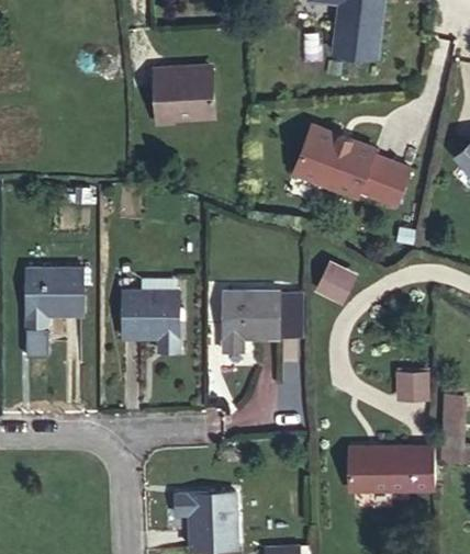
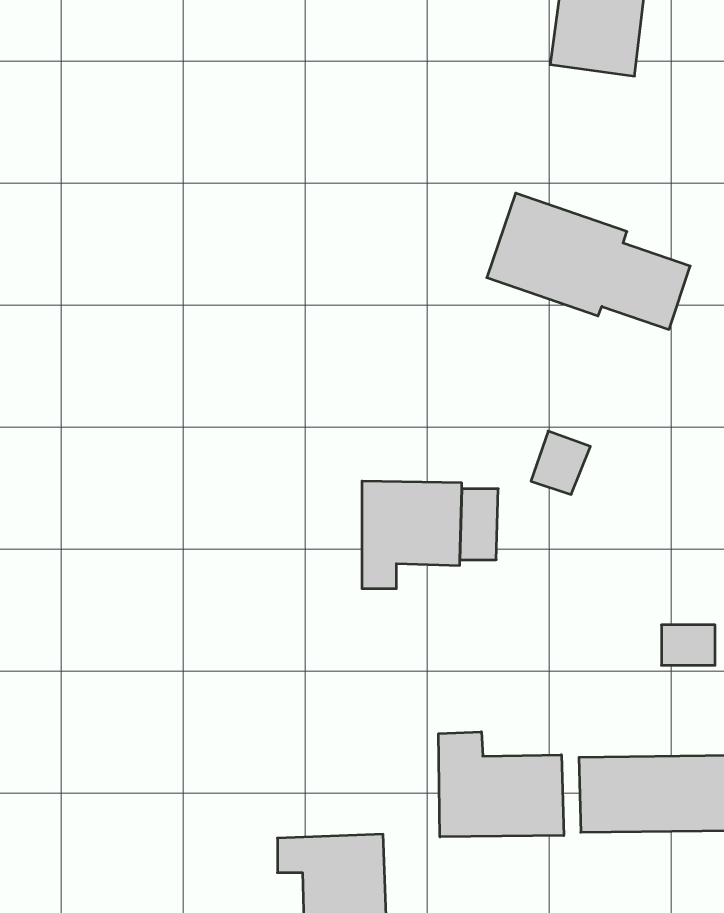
building: [154,69,214,120] -> none
building: [26,269,83,330] -> none
building: [123,291,179,352] -> none
building: none -> [439,732,564,837]

